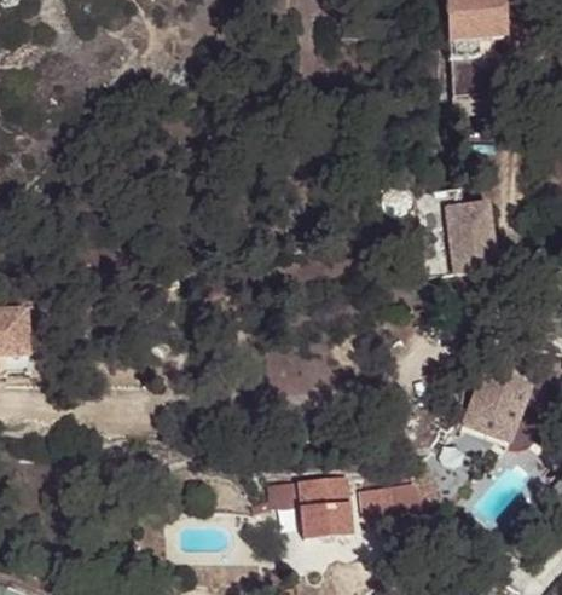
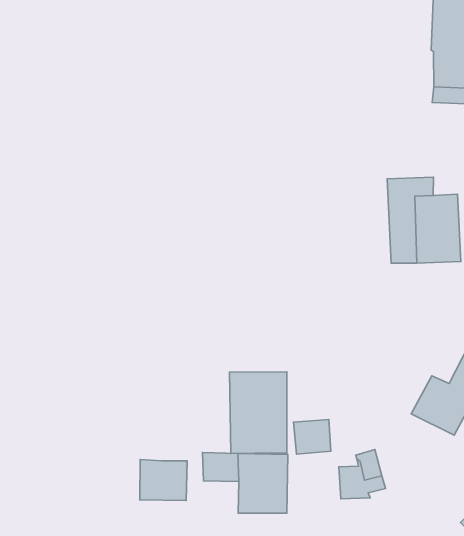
building: none -> [230,372,287,453]
building: [363,483,402,520] -> [293,419,331,454]
building: none -> [140,459,187,500]

